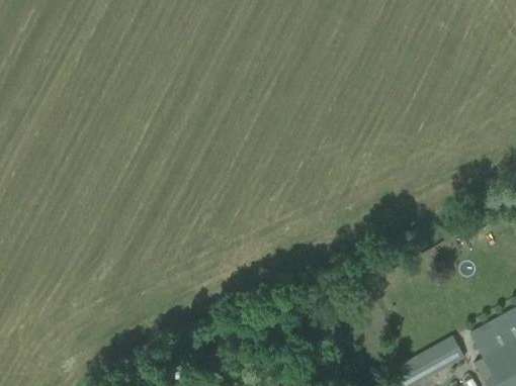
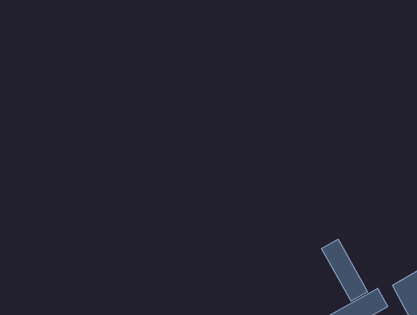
building: none -> [322,239,368,301]

